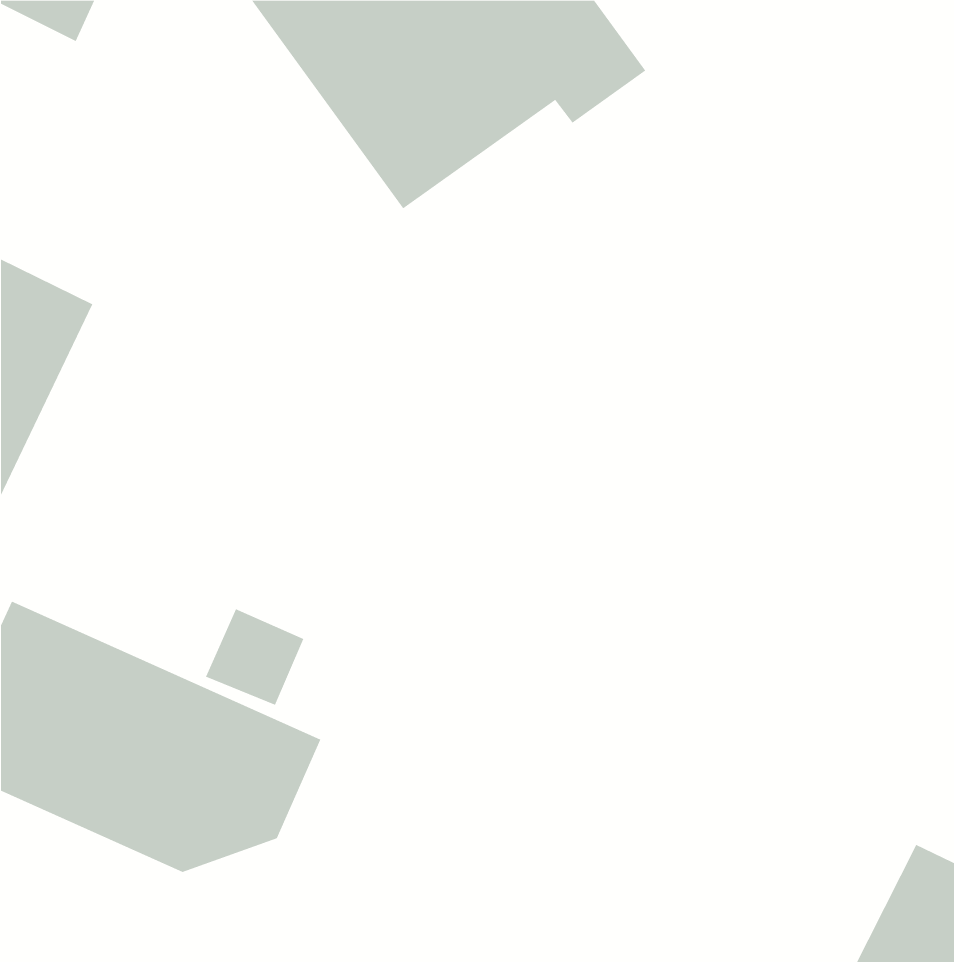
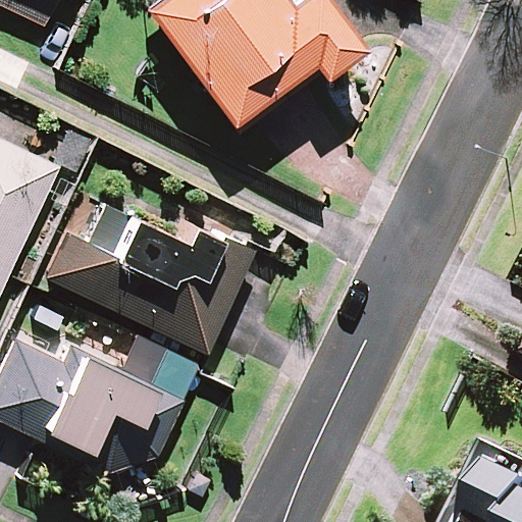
building: none -> [50,191,254,351]

